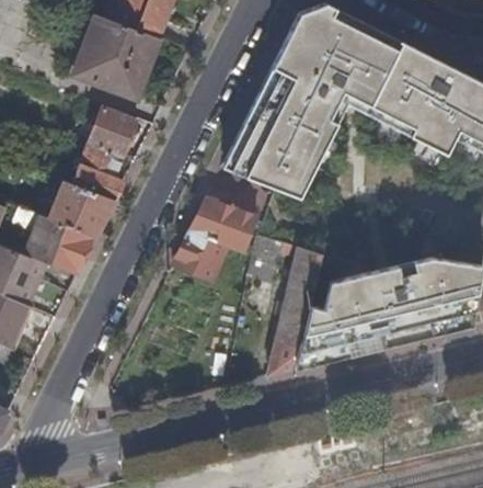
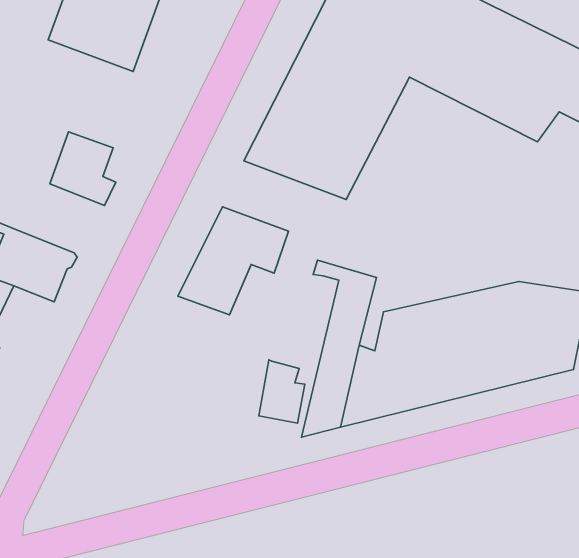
building: [89,105,138,157] -> none
building: [49,181,116,238] -> none
building: [248,236,283,284] -> [259,360,305,423]

